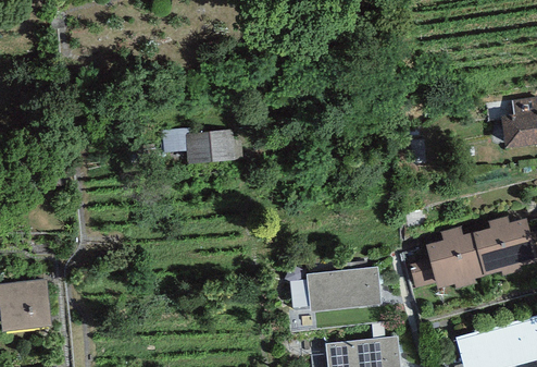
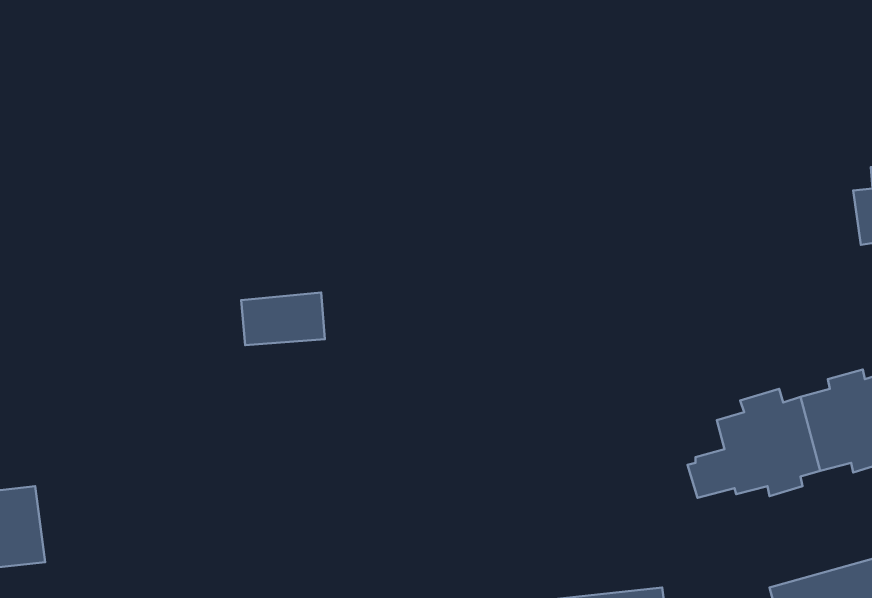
building: [186,131,233,160] -> [241,292,325,345]
building: [305,267,380,308] -> none

